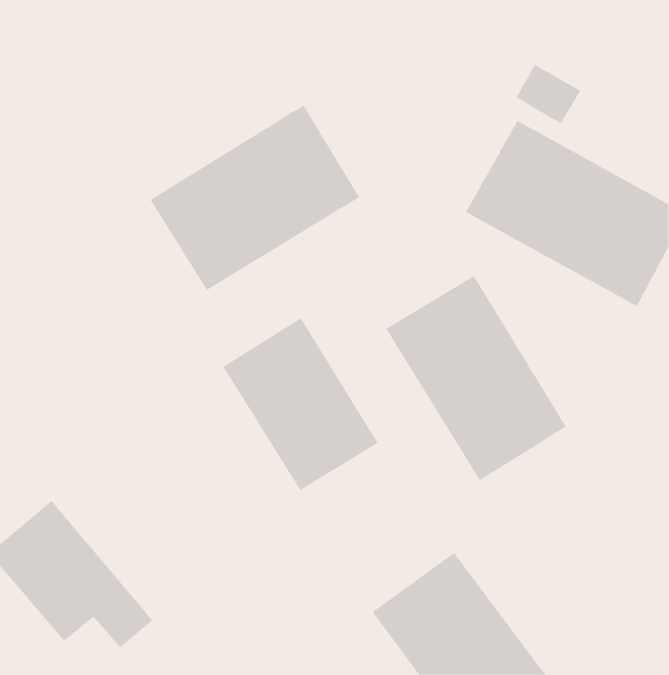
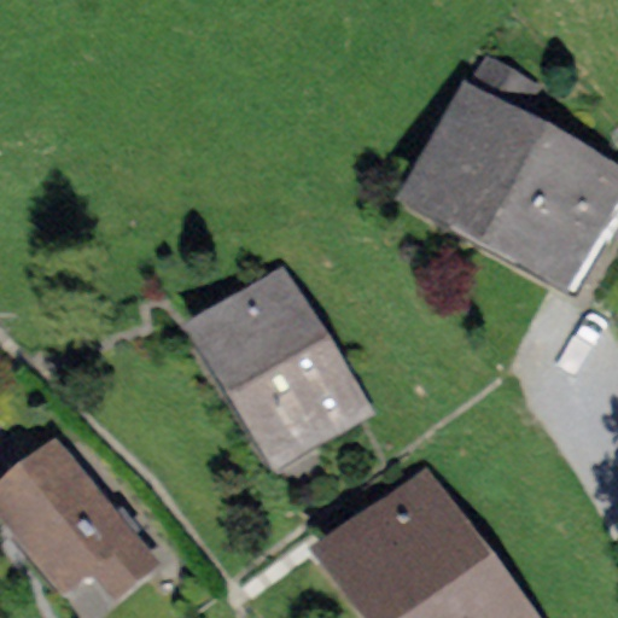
building: [150,104,360,291] -> none
building: [386,275,566,481] -> none

